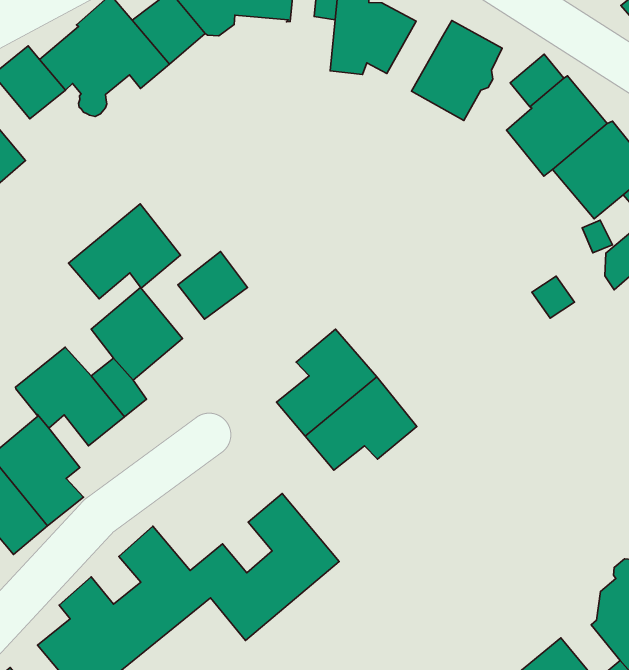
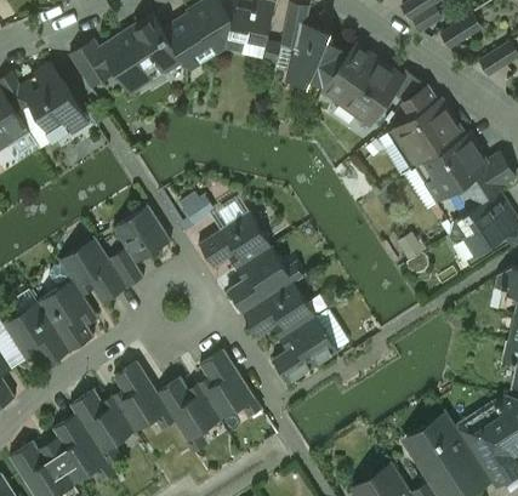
building: none -> [323,55,363,99]
building: [69,204,180,299] -> [198,211,271,269]
building: none -> [272,317,338,384]

